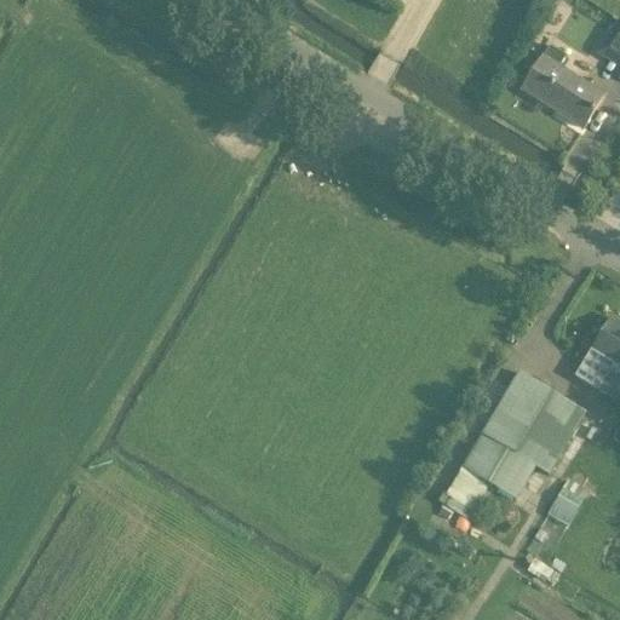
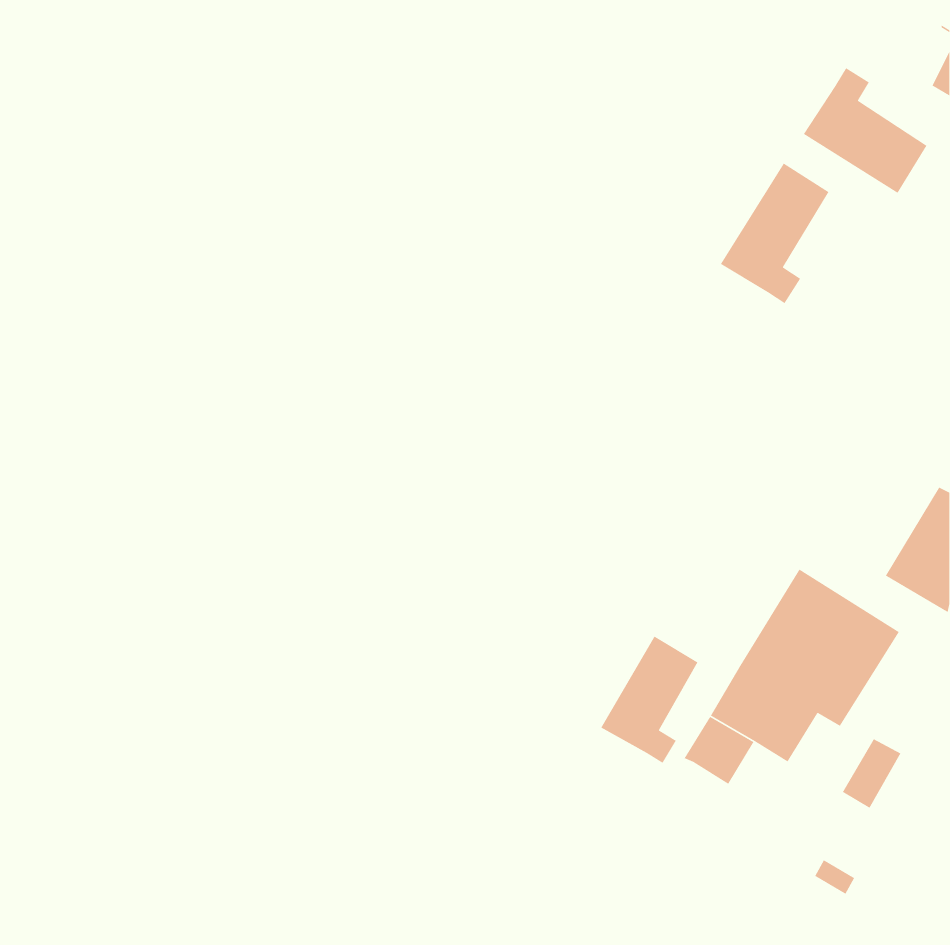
building: none -> [720,163,829,304]
building: none -> [600,636,698,764]

